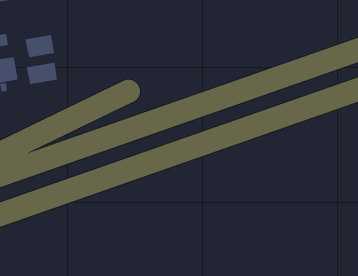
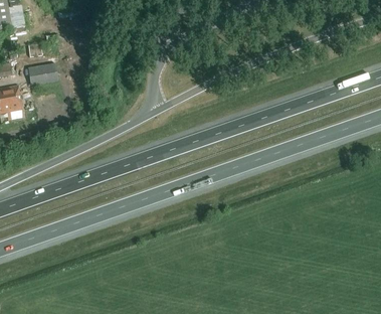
building: [26,62,57,85] -> none

